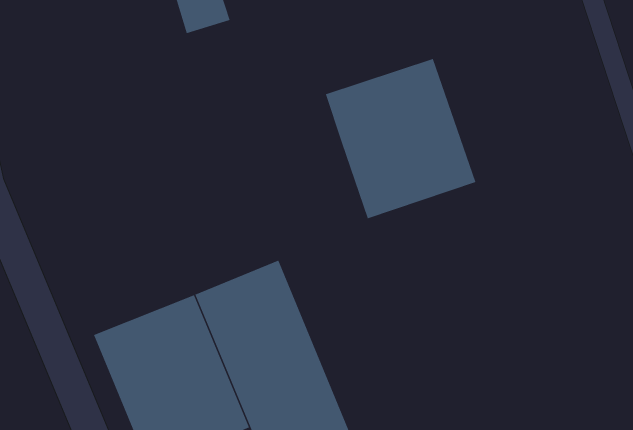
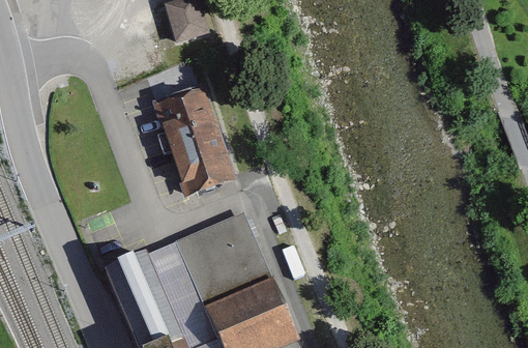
building: [325,58,476,219] -> none
building: none -> [157,83,244,202]

